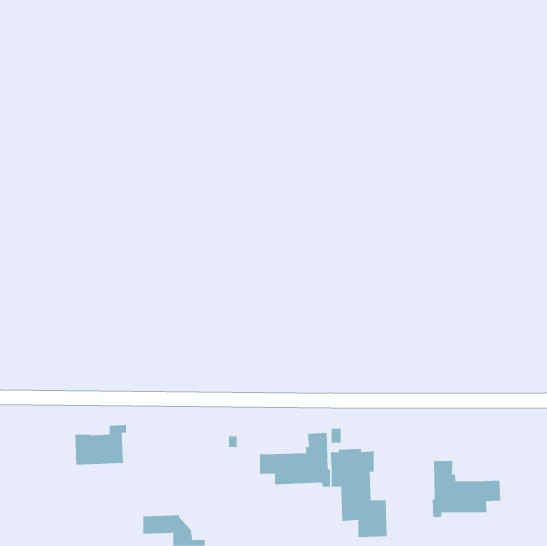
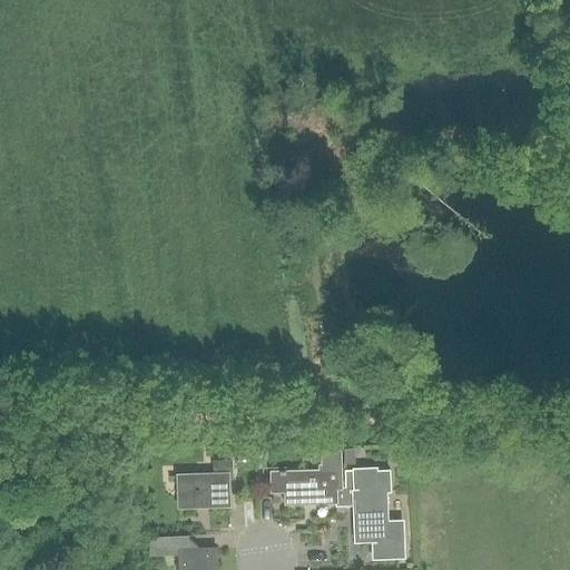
building: [74,424,127,465] -> [177,465,232,508]
building: [432,460,501,518] -> none

